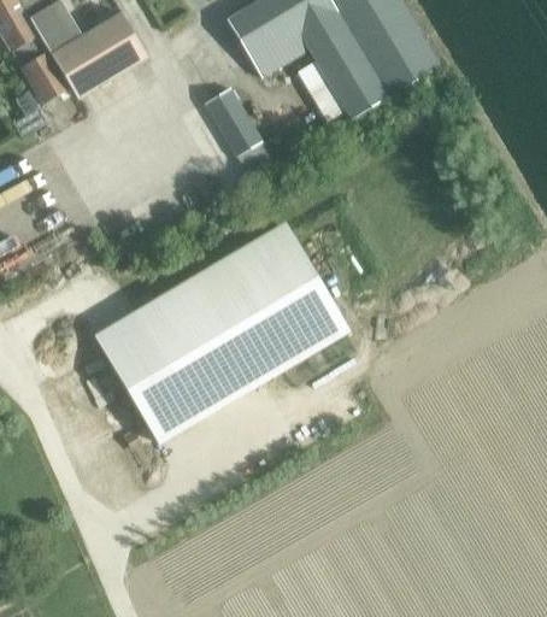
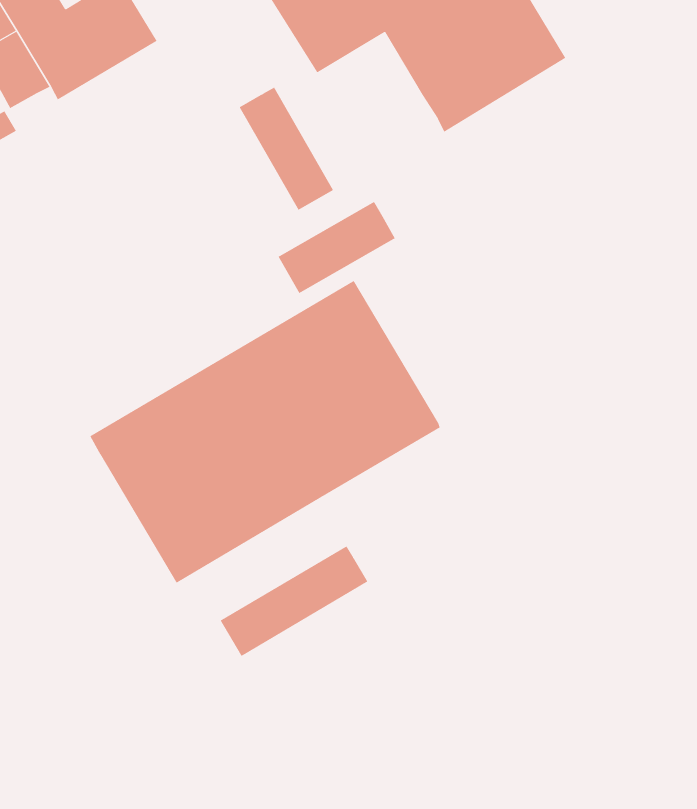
building: none -> [278,201,396,294]
building: none -> [220,545,368,657]

